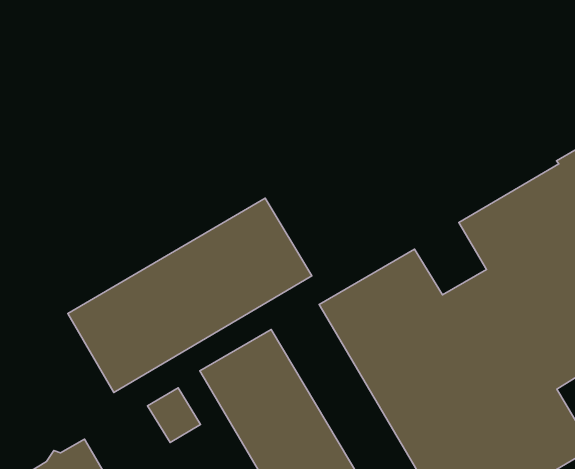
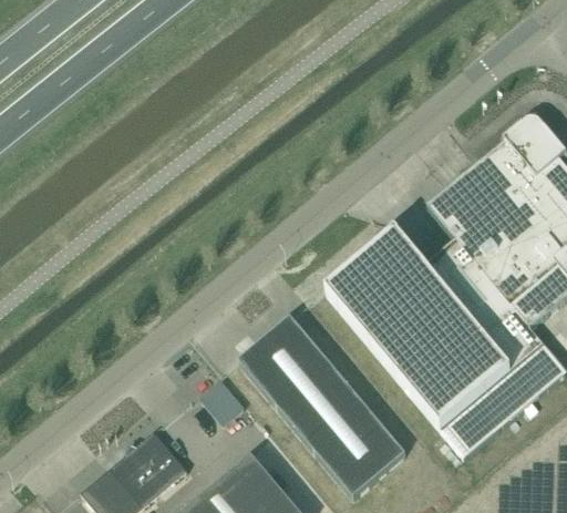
building: [68,198,312,393] -> none

